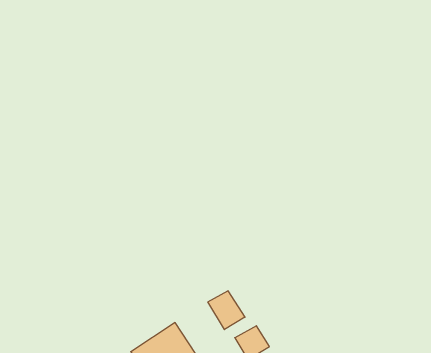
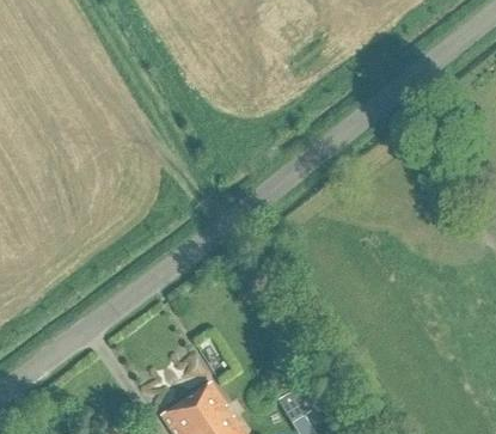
building: [208,291,245,330] -> none

